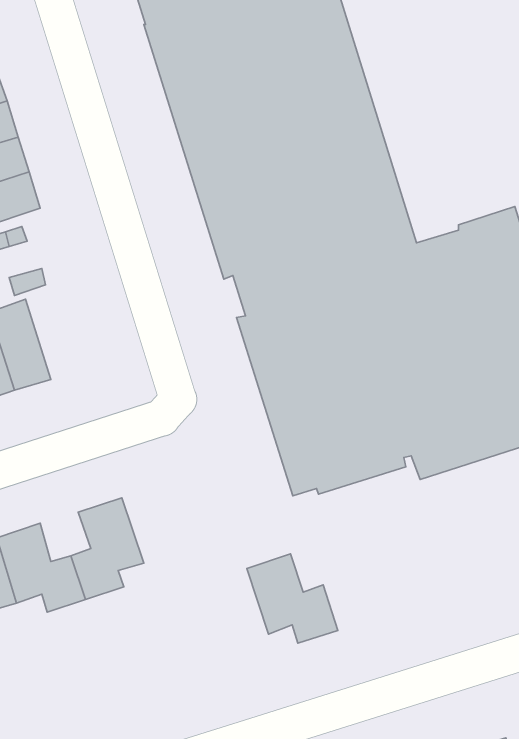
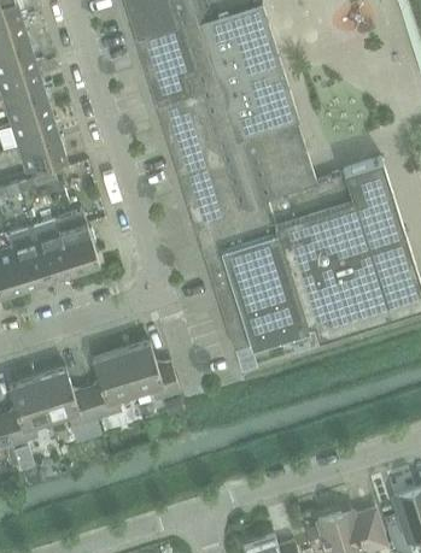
building: none -> [57,212,100,272]
building: [247,554,338,643] -> [121,341,181,400]

